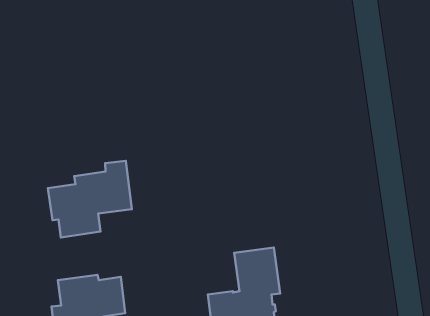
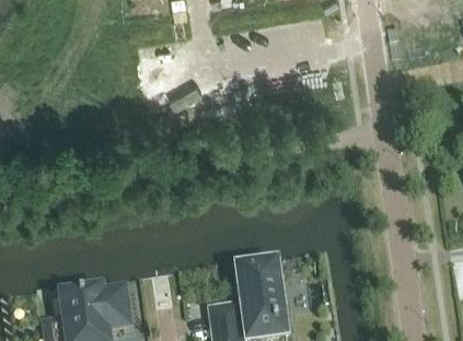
building: [48,161,132,237] -> none

